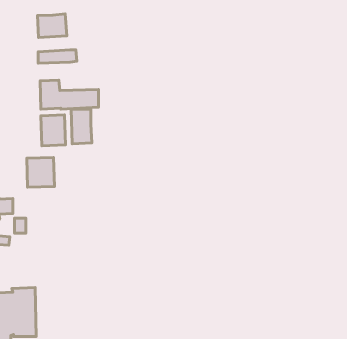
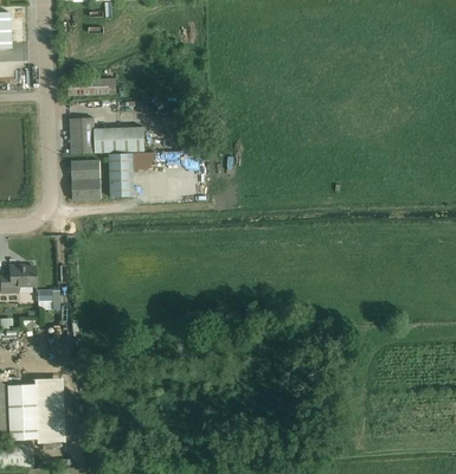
building: [37,14,67,38] -> none
building: [27,157,55,187] -> none

